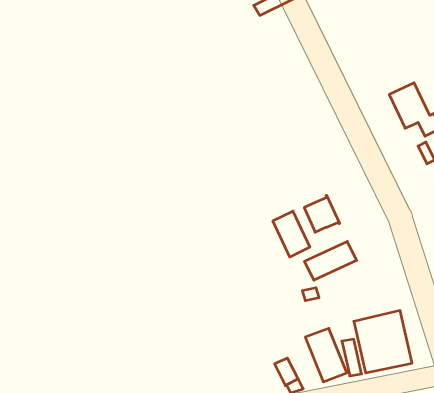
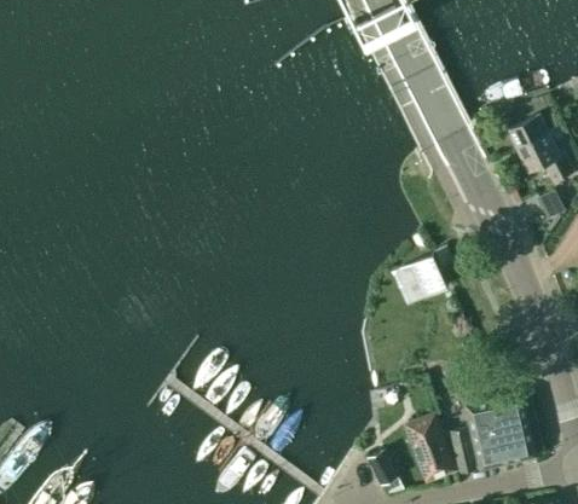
building: [273,211,310,257] -> none
building: [305,241,357,280] -> none

